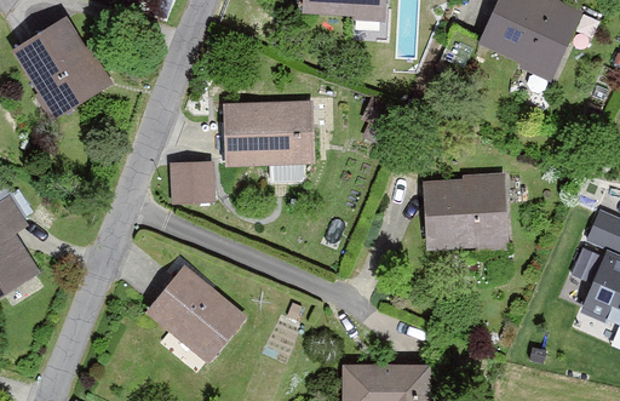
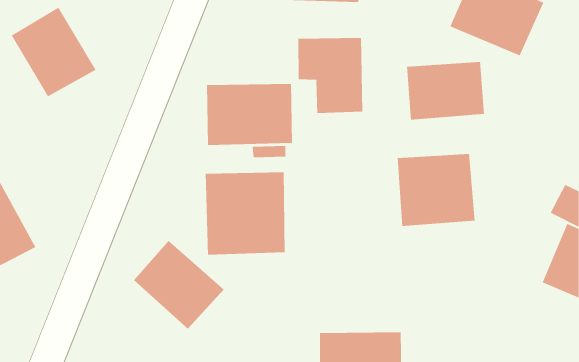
building: none -> [298,37,363,114]
building: none -> [406,61,484,121]
building: [170,160,216,204] -> none
building: none -> [205,172,285,255]

